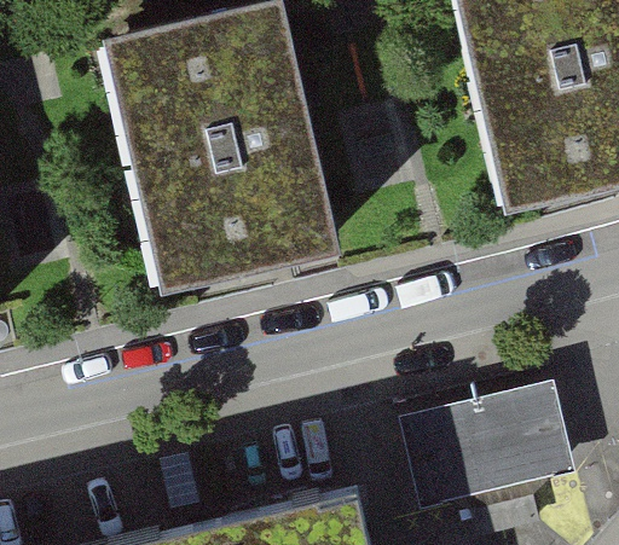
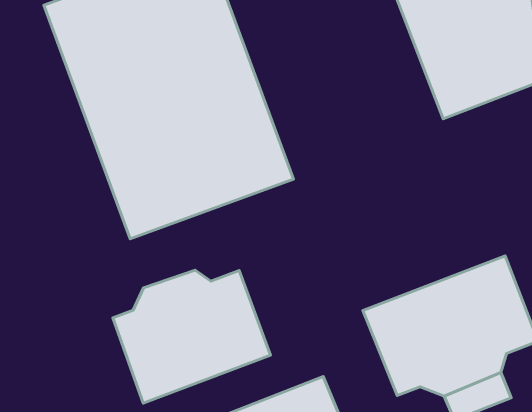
building: none -> [113,270,271,403]

